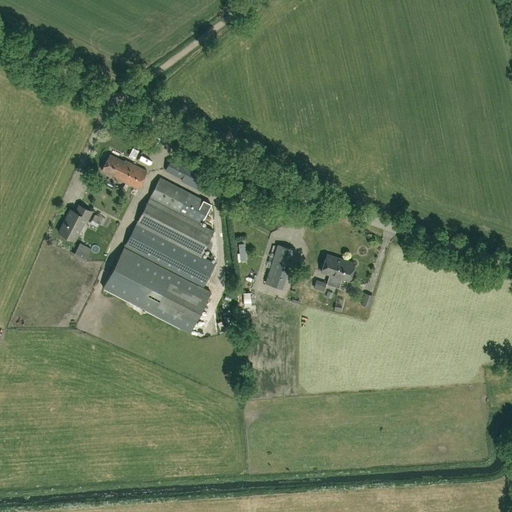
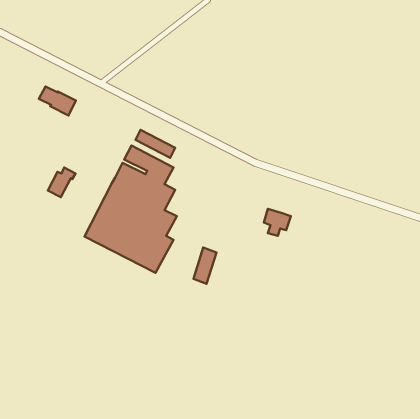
building: [101,155,146,190] -> [39,87,76,115]
building: [266,245,294,289] -> [193,248,216,284]

